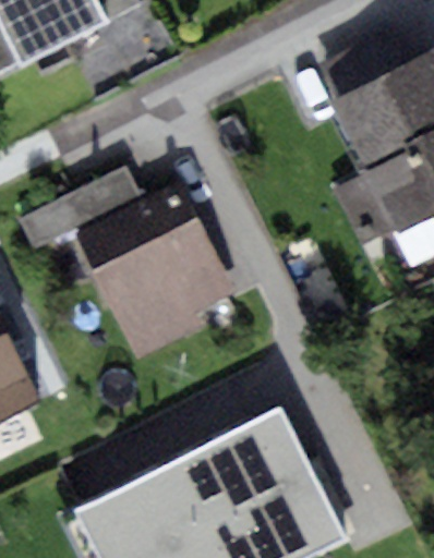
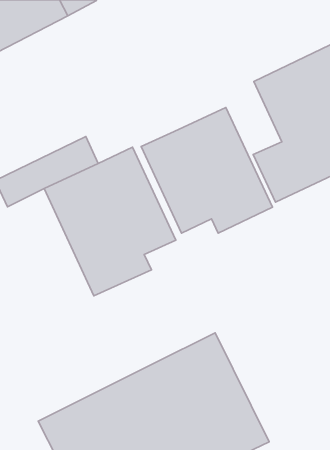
building: none -> [141,107,273,233]

